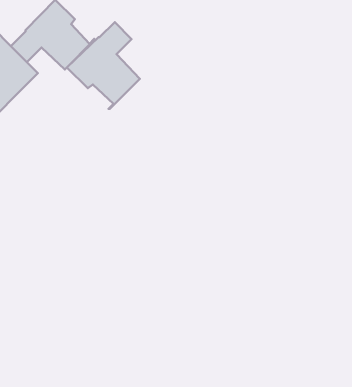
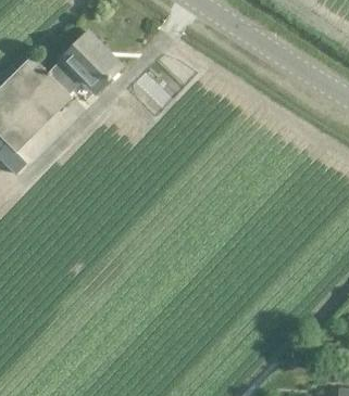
building: [67,22,140,109] -> none

